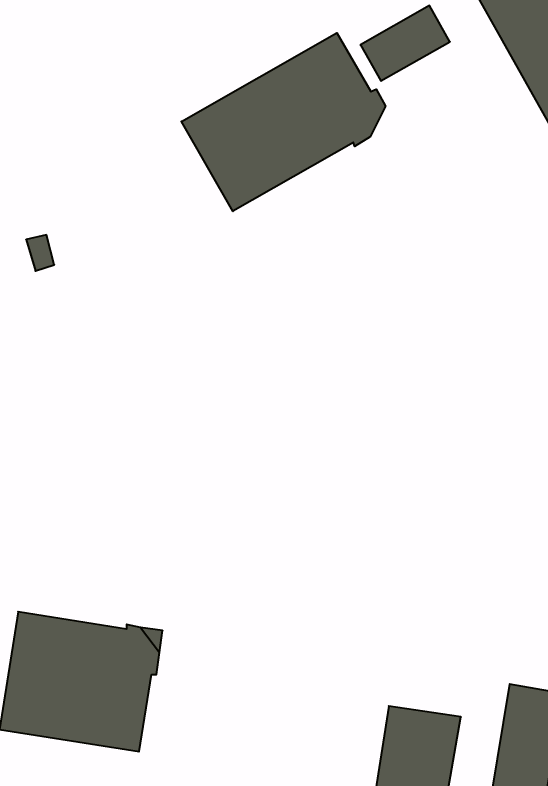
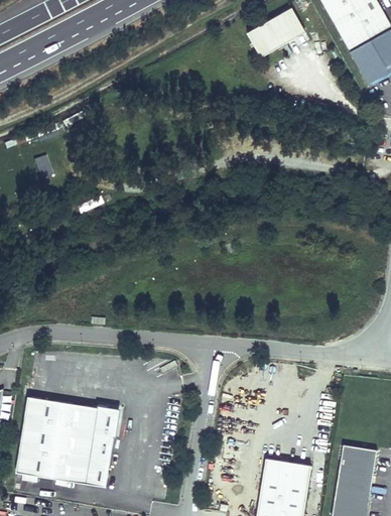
building: [181,33,385,211] -> none

